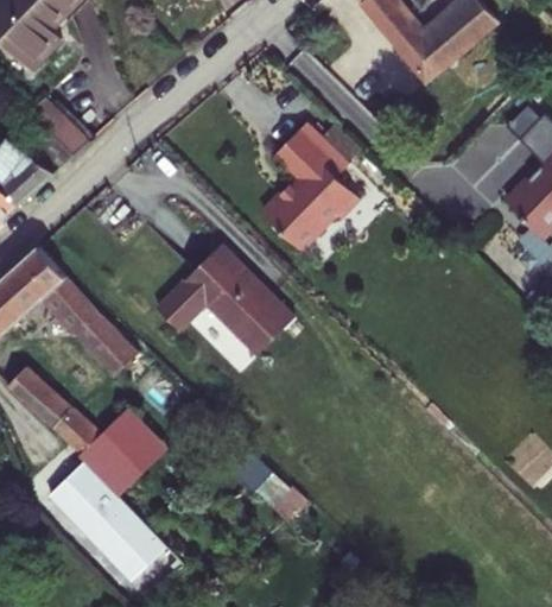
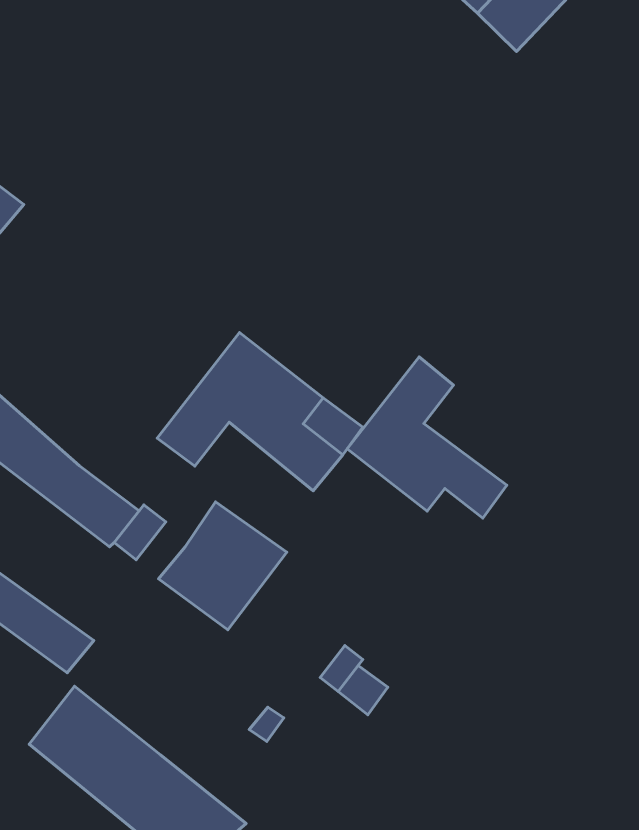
building: [261,118,359,245] -> none
building: none -> [347,357,507,518]
building: [78,407,165,493] -> [159,502,287,630]

